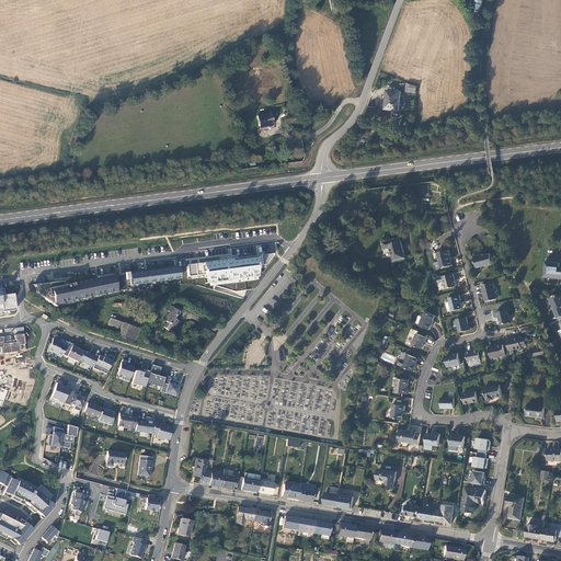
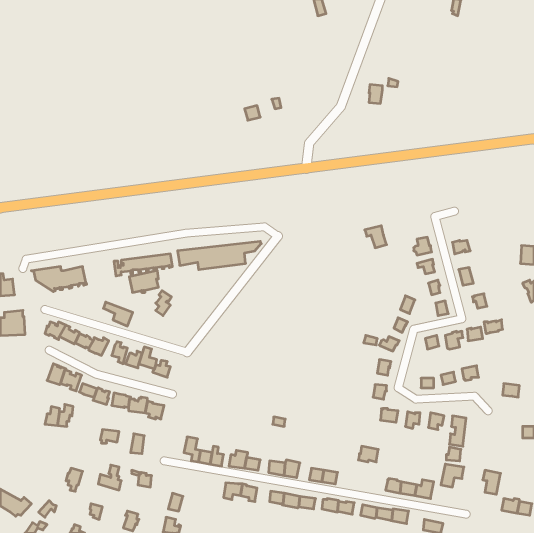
building: [87,273,117,296] -> [129,271,158,292]
building: [4,477,54,515] -> none

